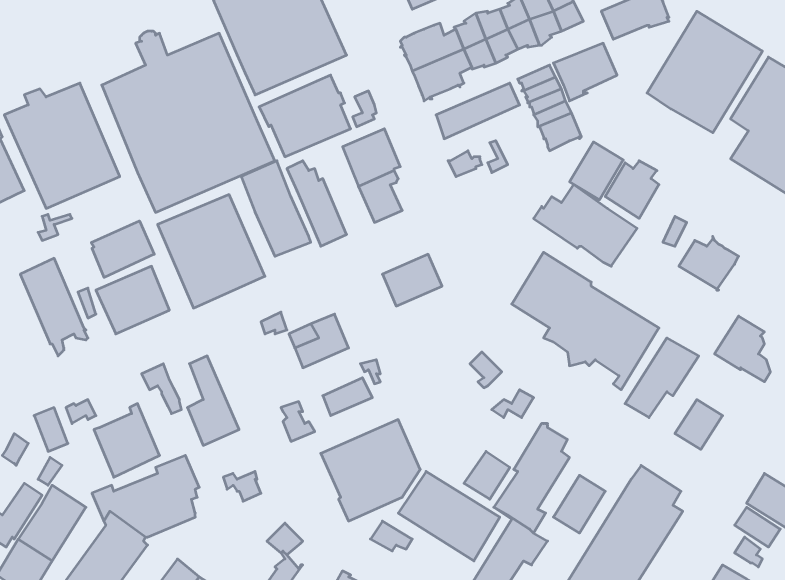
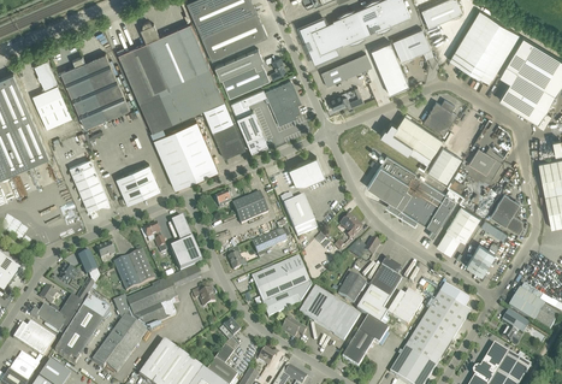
building: [570,142,623,200] -> [427,148,460,183]
building: [91,221,154,277] -> none
building: none -> [280,194,317,236]

